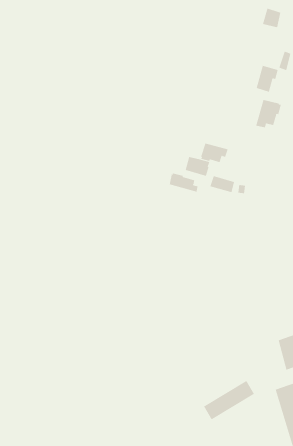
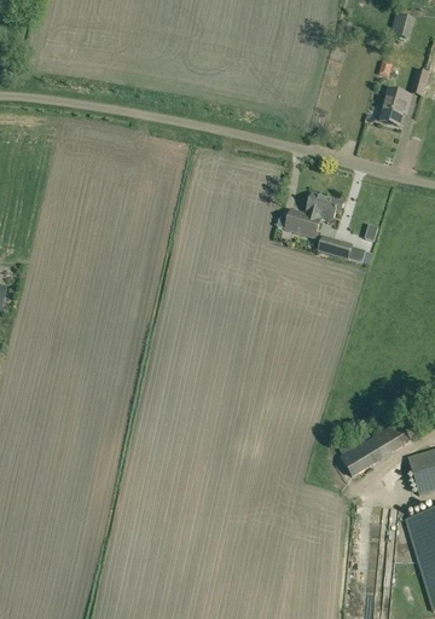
building: [256,99,282,128] -> none
building: [169,172,198,192] -> none
building: [203,380,255,420] -> [341,422,410,475]

